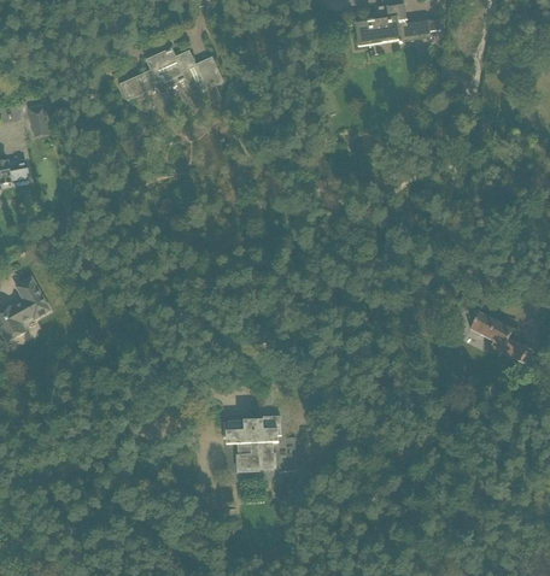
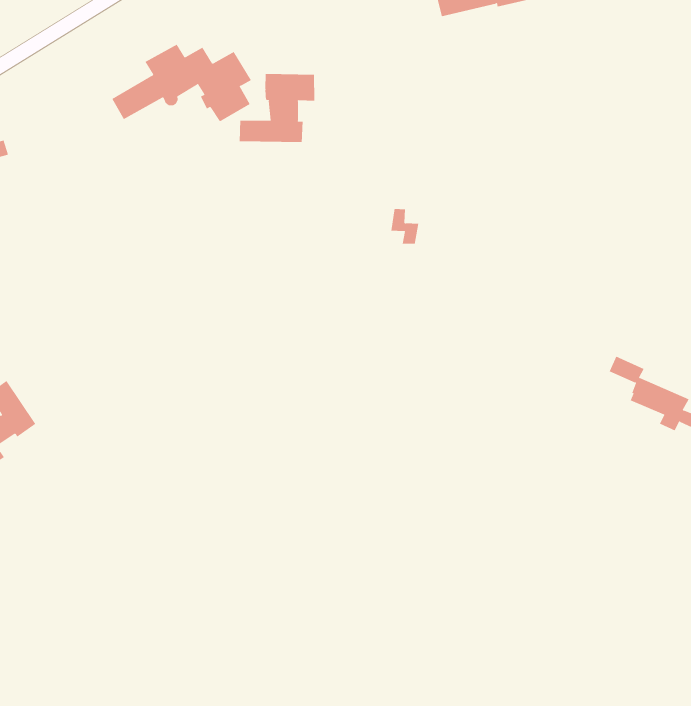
building: none -> [239,73,315,143]
building: [221,416,296,470] -> none

